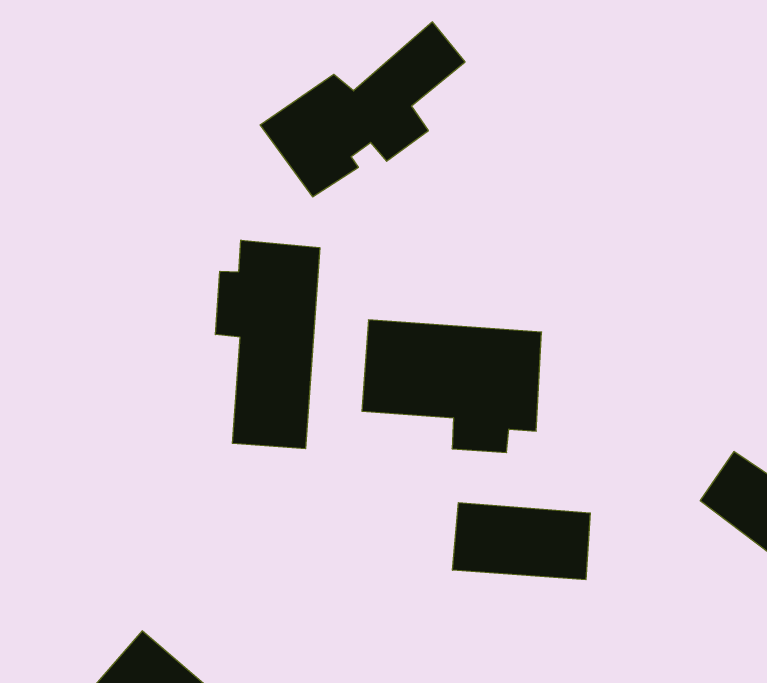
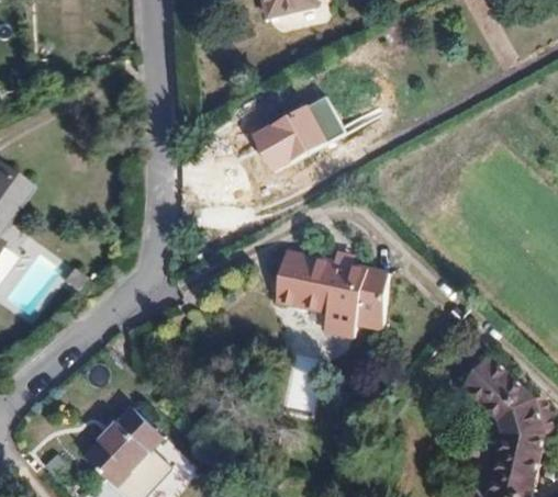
building: [215,240,320,449] -> none
building: [453,503,590,580] -> none

